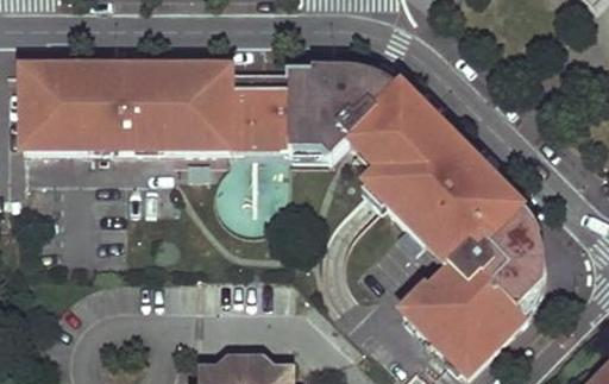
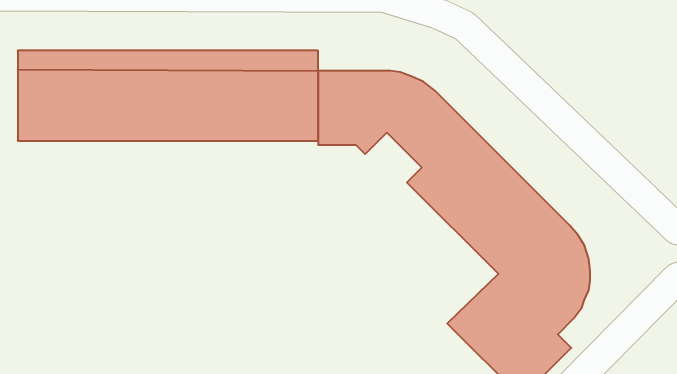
building: [287,67,544,329] -> none

